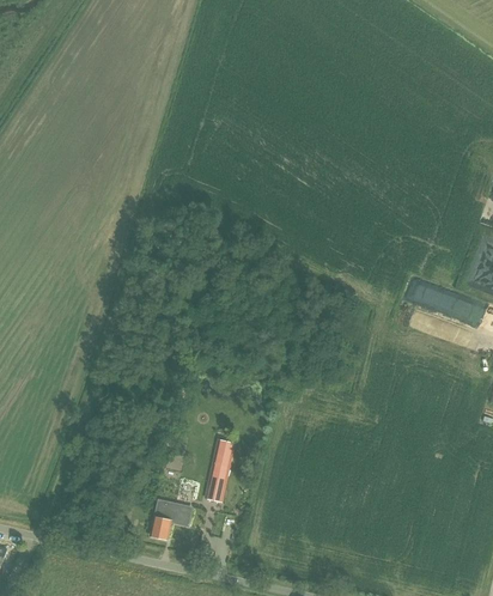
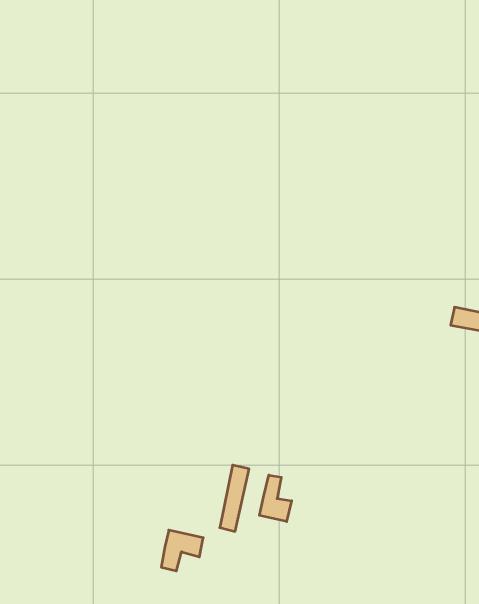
building: none -> [259,475,292,522]

